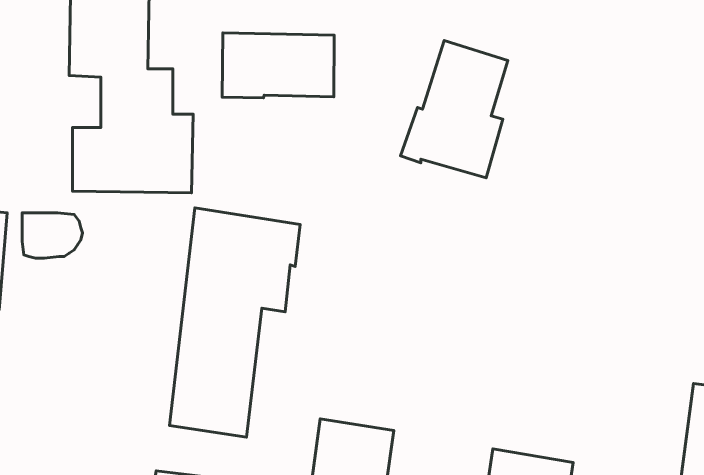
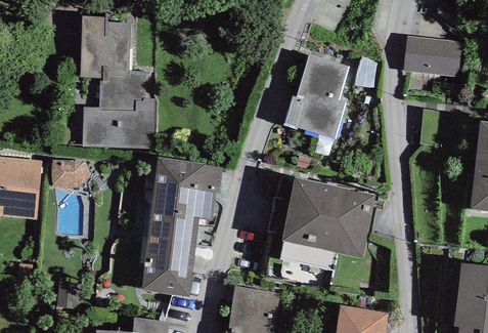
building: none -> [403,35,463,78]
building: [222,33,334,98] -> none
building: none -> [279,177,373,269]

